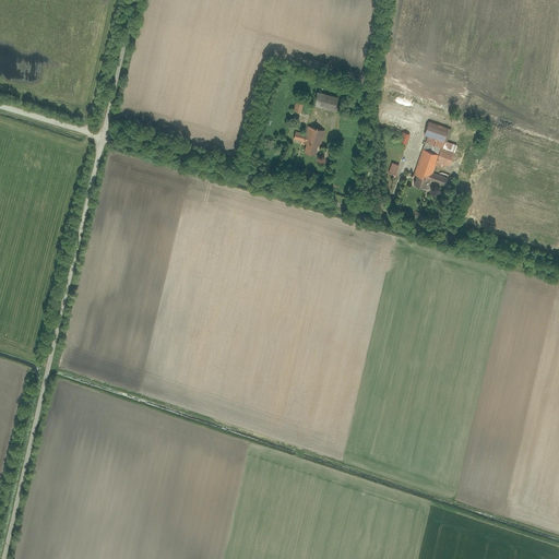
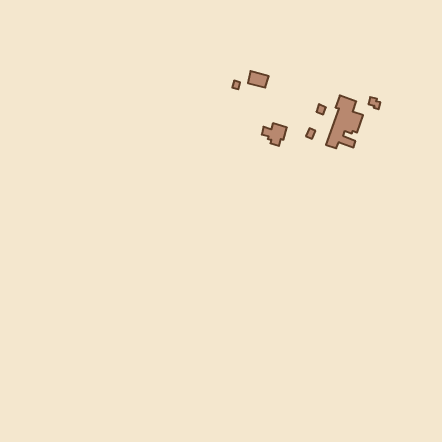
building: [294,127,325,155] -> [262,123,287,146]

